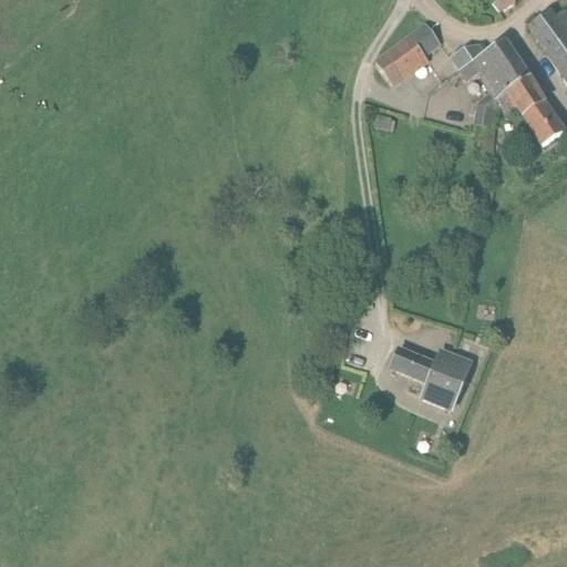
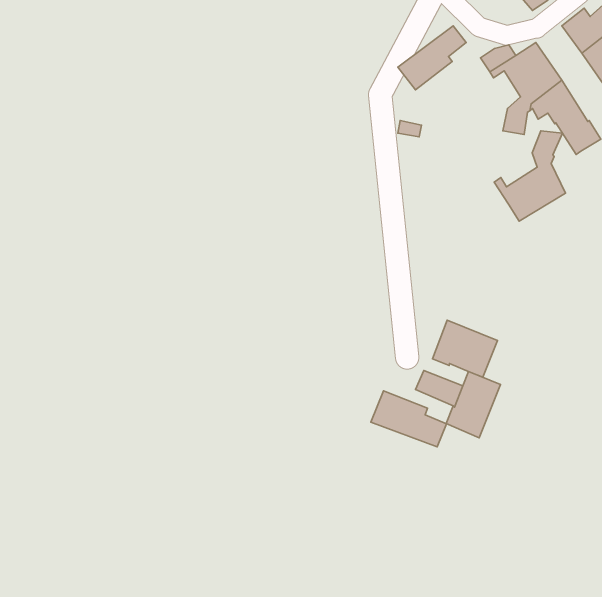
building: none -> [494,131,566,221]
building: none -> [433,320,497,377]
building: none -> [371,391,446,447]

